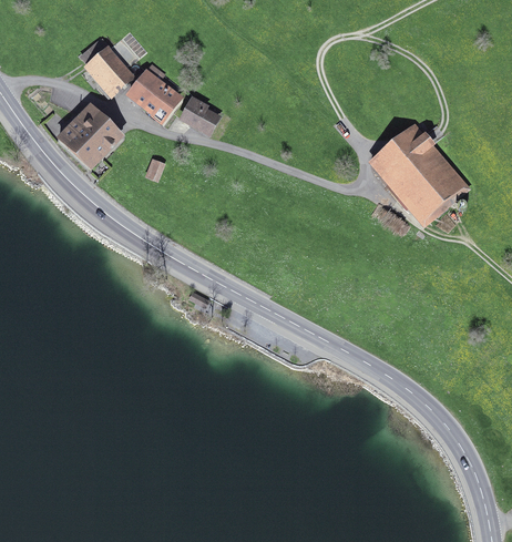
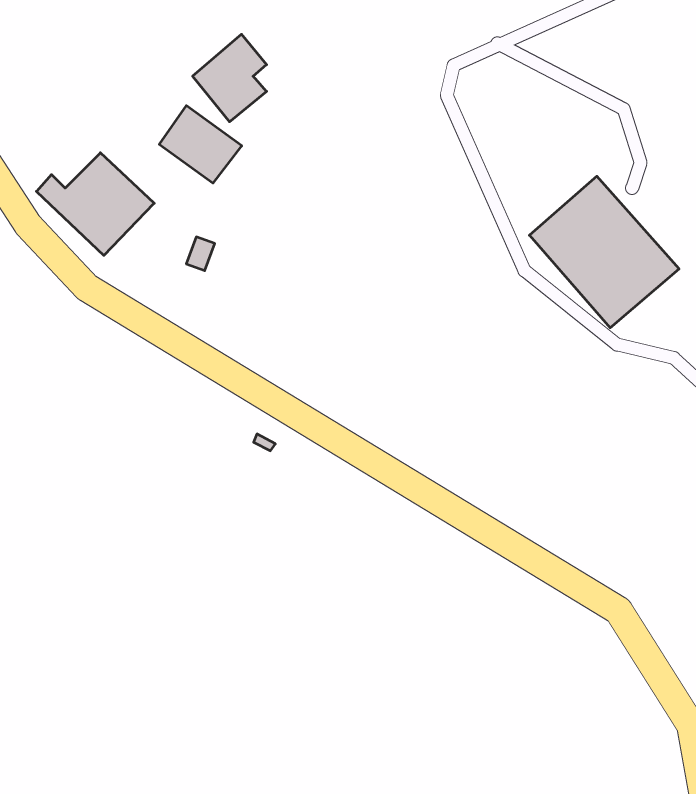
building: [84,40,133,98] -> [193,34,267,122]
building: [178,98,219,136] -> none

